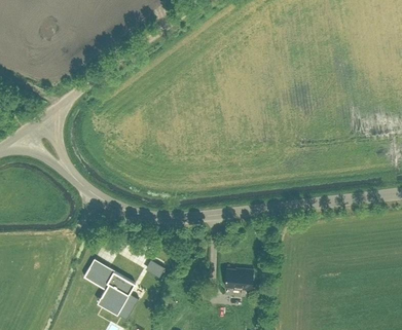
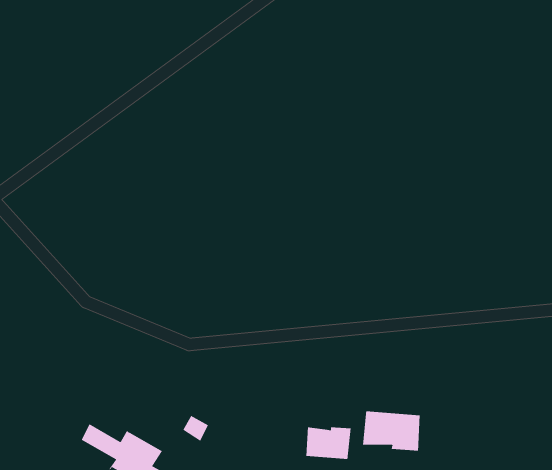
building: none -> [362,411,420,451]

